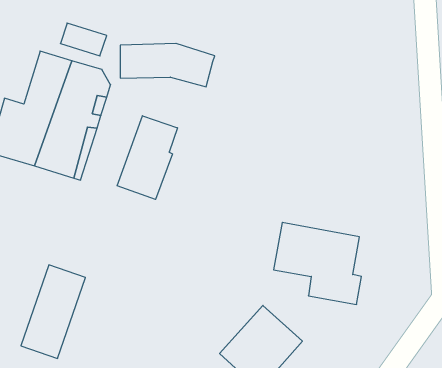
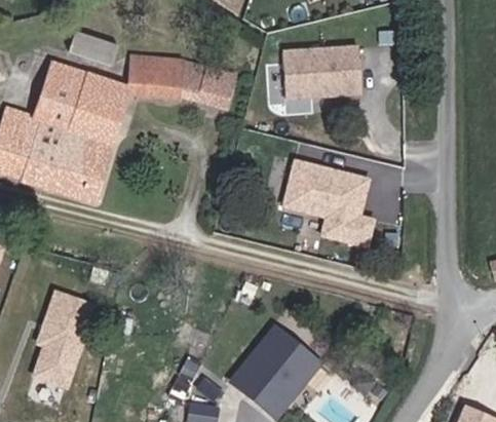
building: none -> [280,42,369,101]
building: [117,116,177,199] -> none
building: [274,222,361,304] -> [282,159,376,246]

